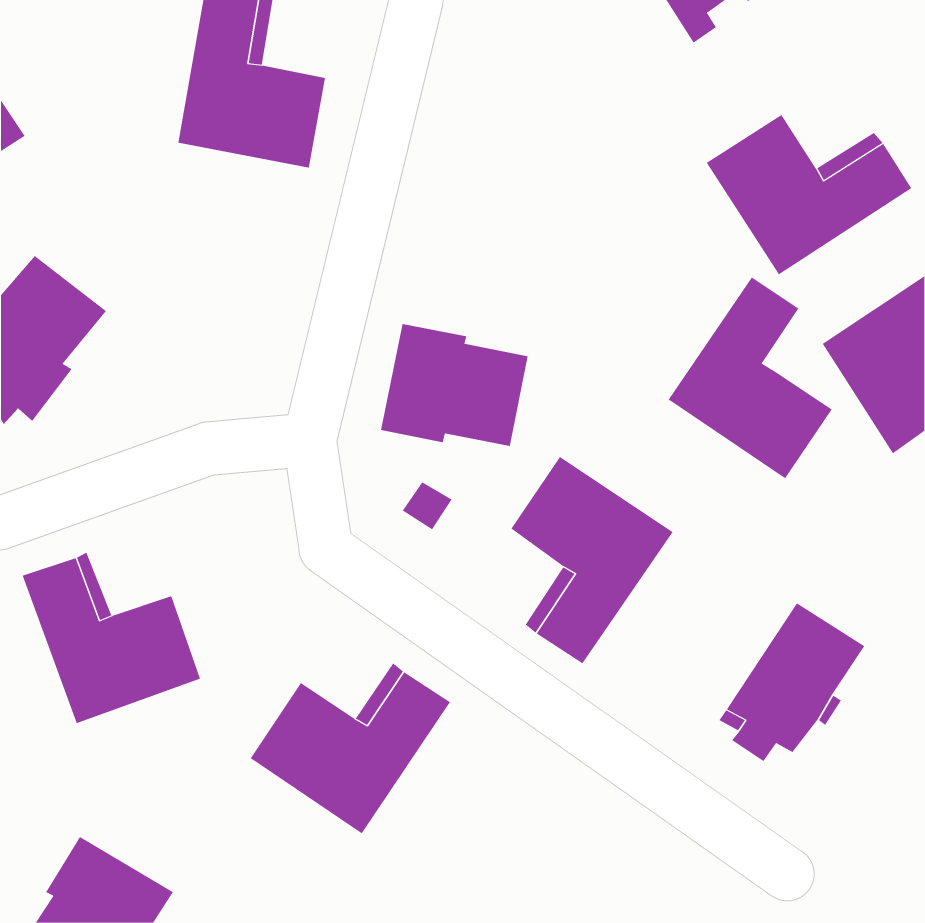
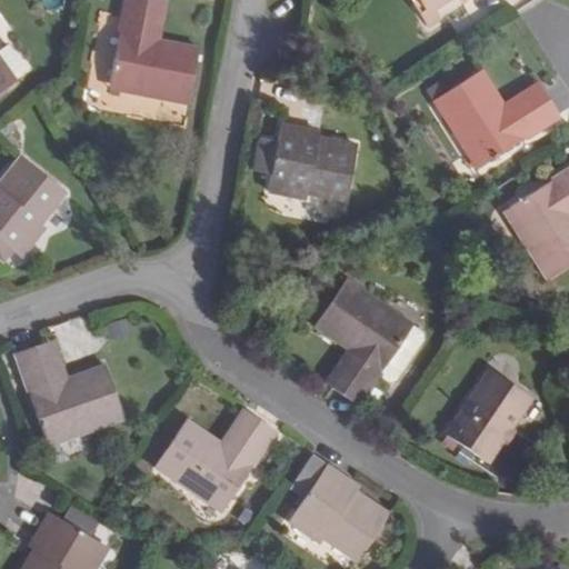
building: [668,276,832,479] -> none
building: [380,323,529,447] -> [267,126,358,201]
building: none -> [287,465,389,560]

